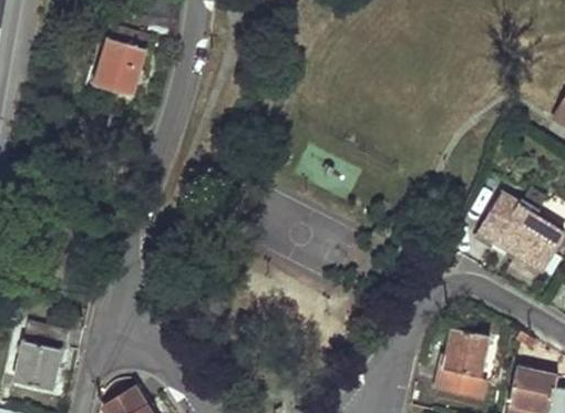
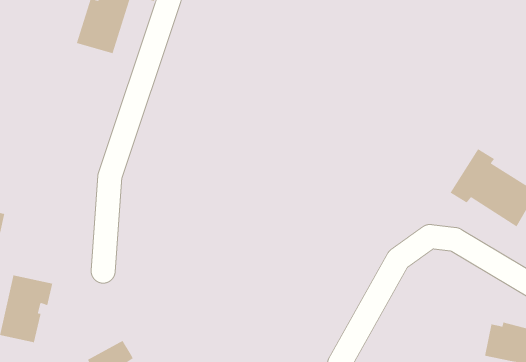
building: [436,328,489,396] -> none

